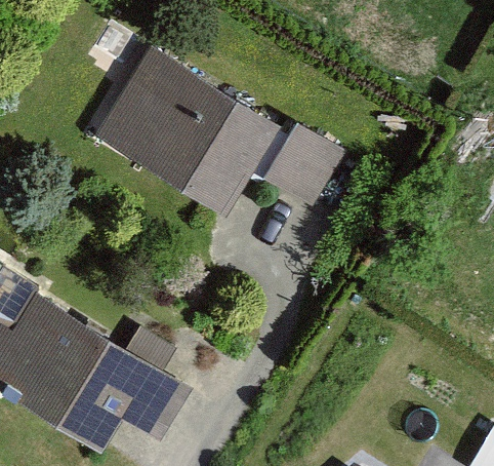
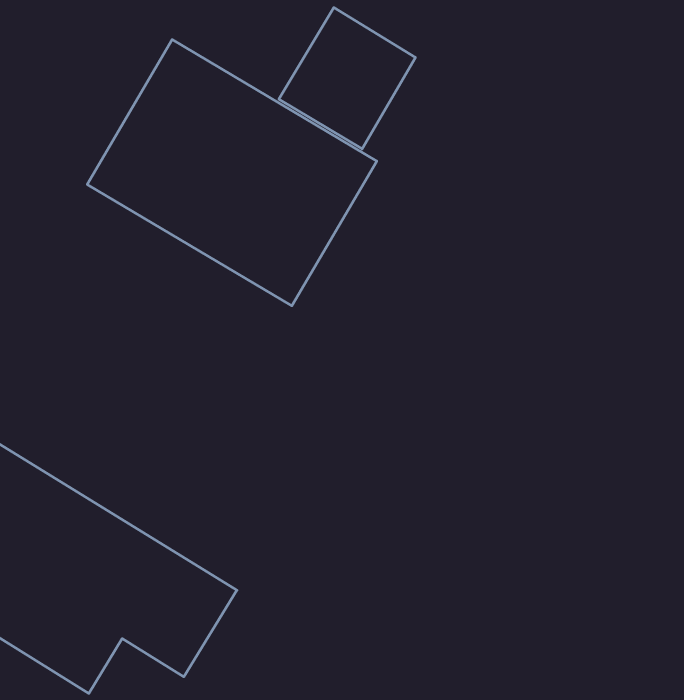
building: [258,121,342,208] -> [279,8,415,149]

